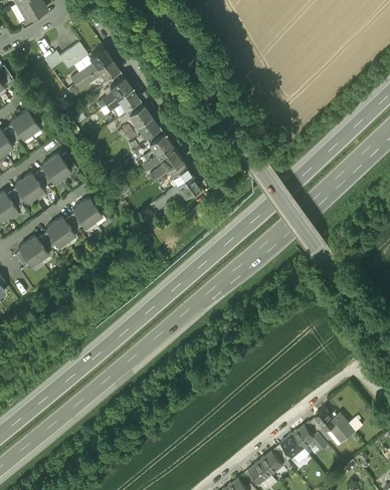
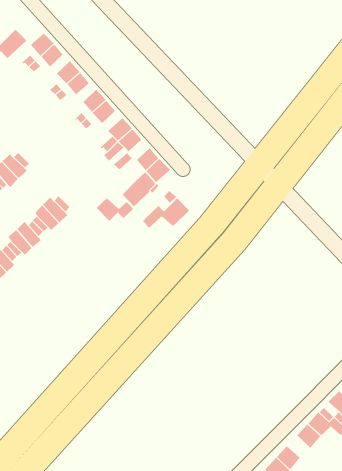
building: none -> [96,197,133,222]
building: none -> [143,197,190,228]

